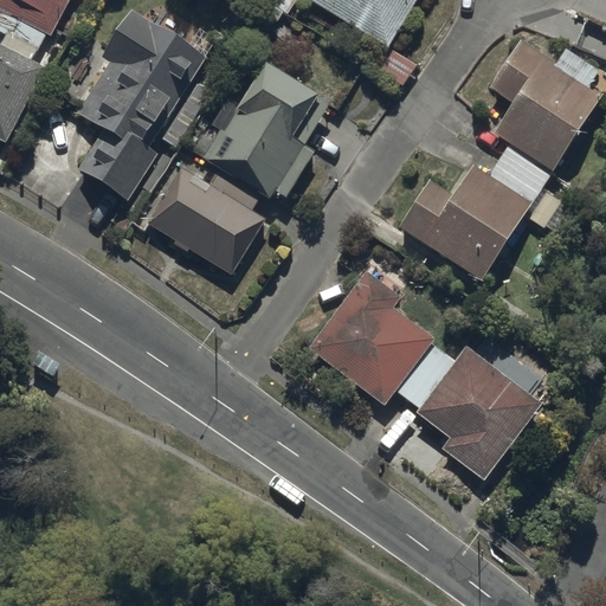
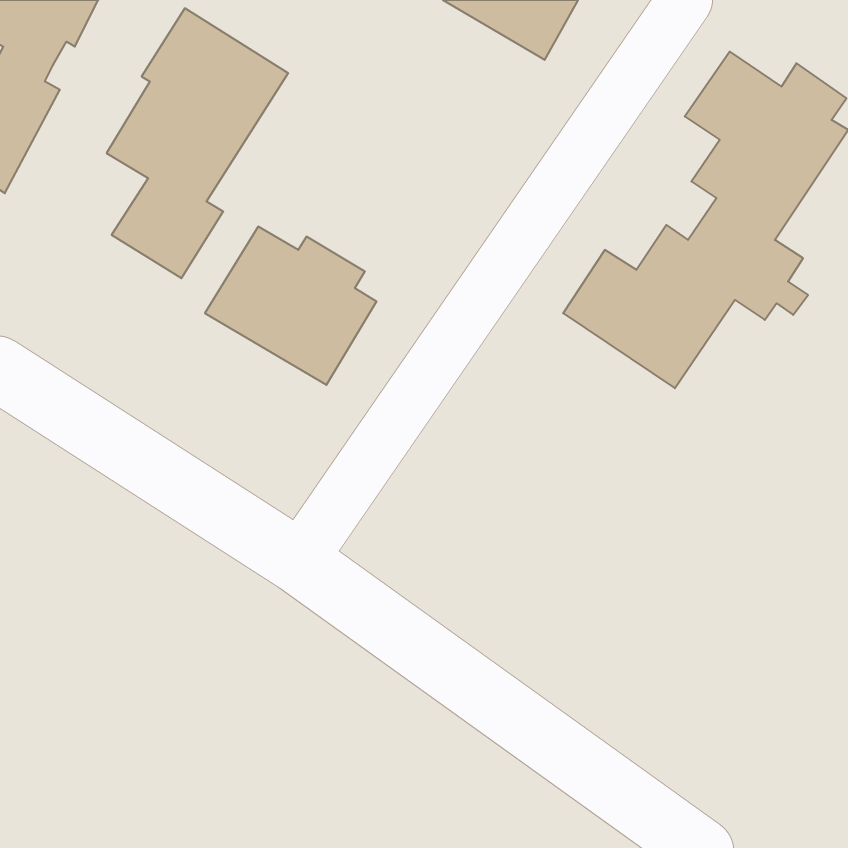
building: [204,57,330,199] -> none
building: [309,267,542,483] -> none

